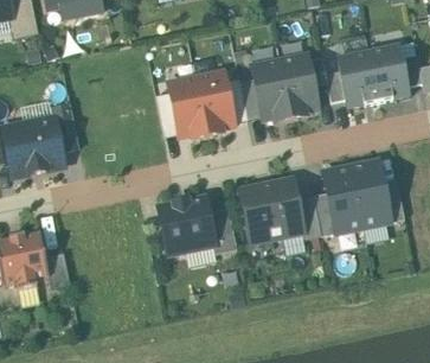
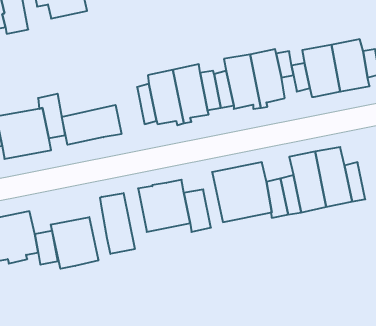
building: none -> [62,105,121,145]
building: none -> [100,193,135,254]
building: none -> [51,217,98,269]

